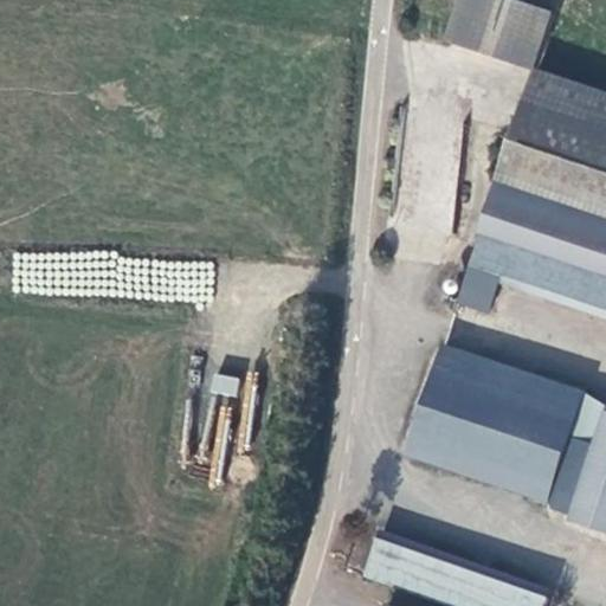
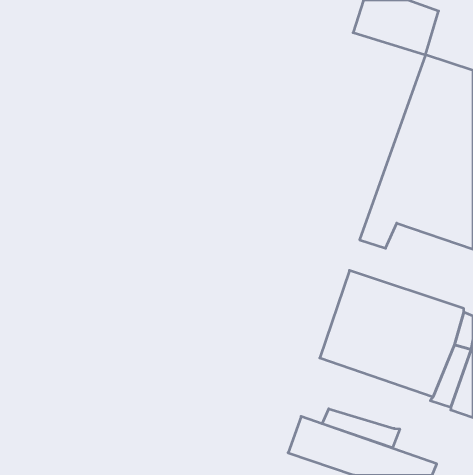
building: none -> [322,409,400,448]

